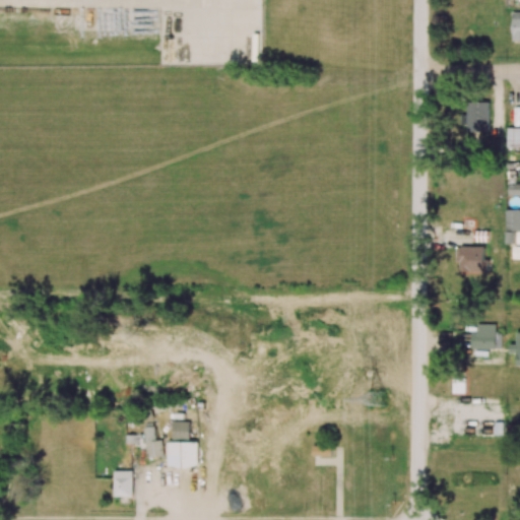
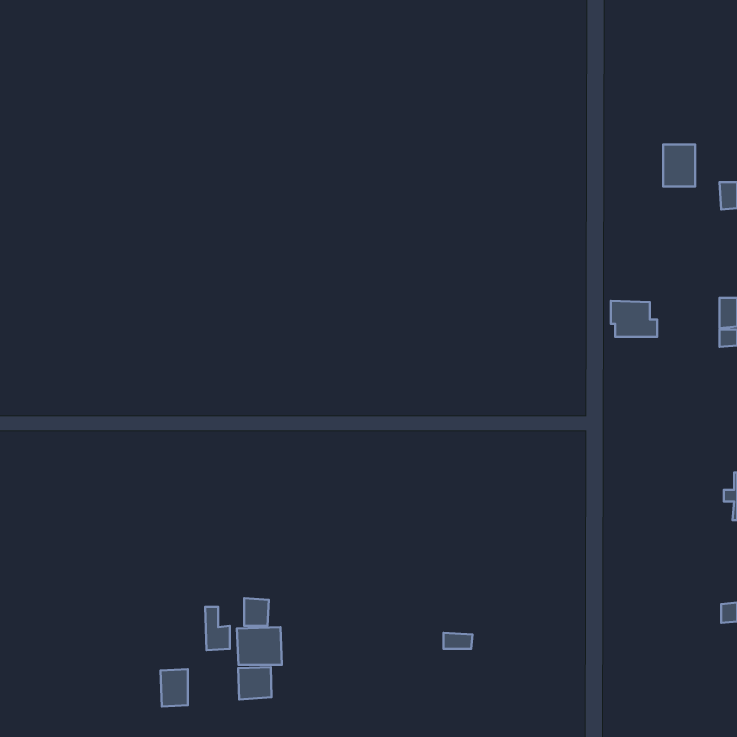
building: [456,247,489,272] -> [611,301,657,337]
building: [470,325,502,349] -> none
building: none -> [238,667,272,700]

